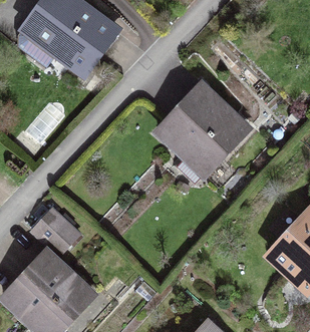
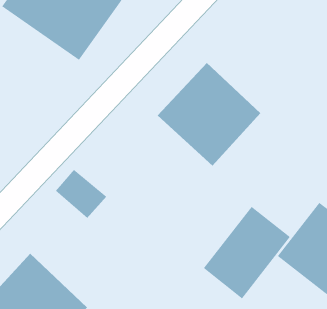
building: [39,206,86,251] -> [55,169,107,219]
building: none -> [203,206,291,299]

